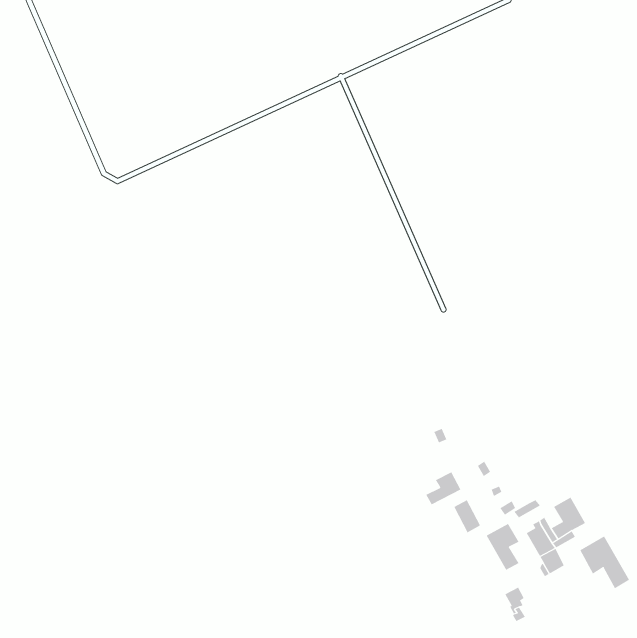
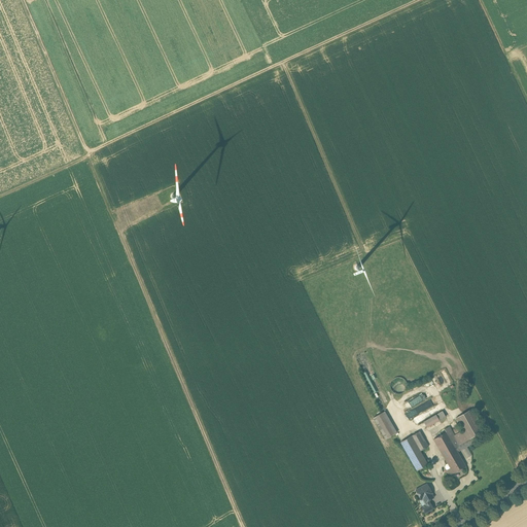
building: [425,472,461,505] -> none
building: [579,535,630,589] -> none

